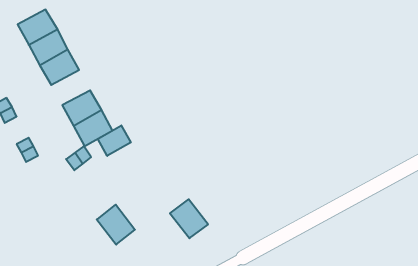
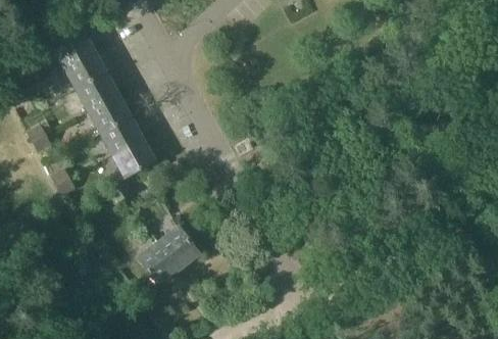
building: none -> [88,94,131,133]
building: [98,125,131,156] -> none
building: [170,199,208,238] -> [158,227,200,270]

